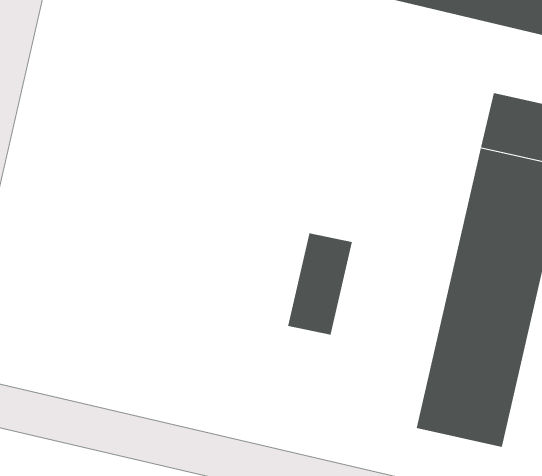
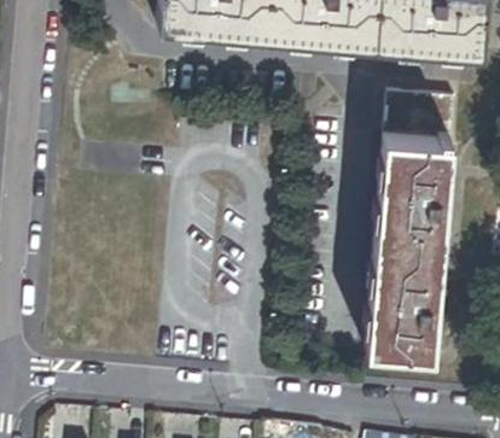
building: [288,232,352,335] -> none

